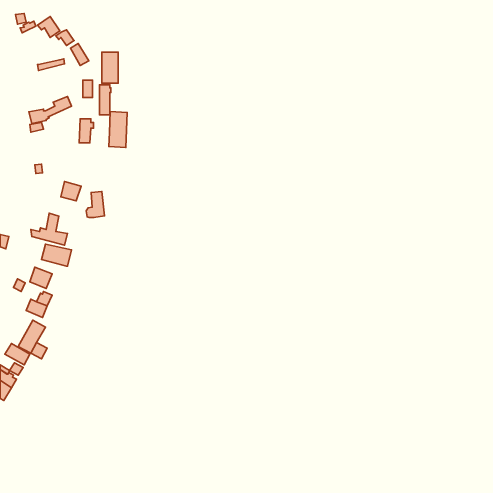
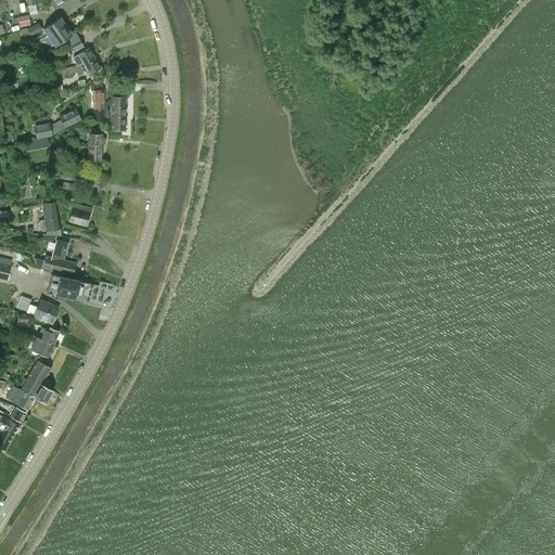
building: [102,52,118,83] -> none
building: [109,112,127,148] -> none
building: [86,192,105,218] -> [38,202,59,231]

